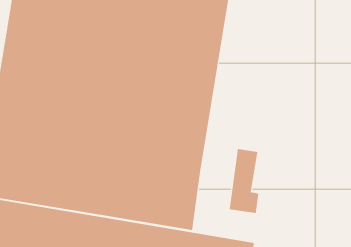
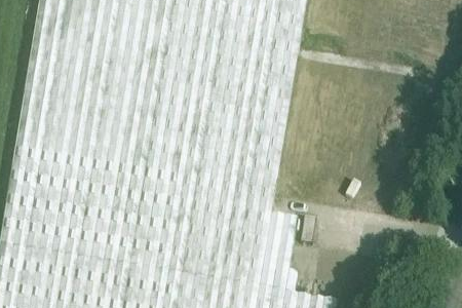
building: [229,148,259,214] -> [262,210,299,291]

